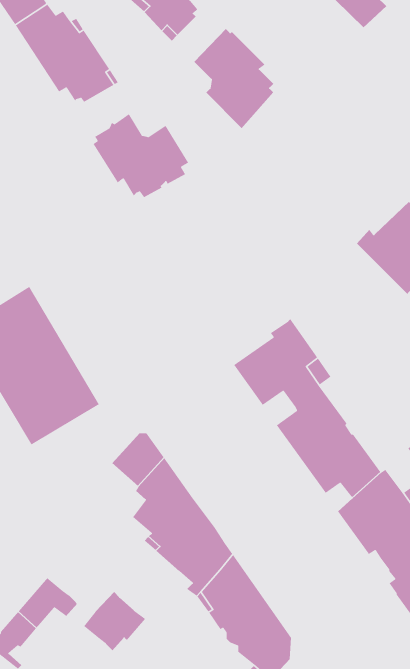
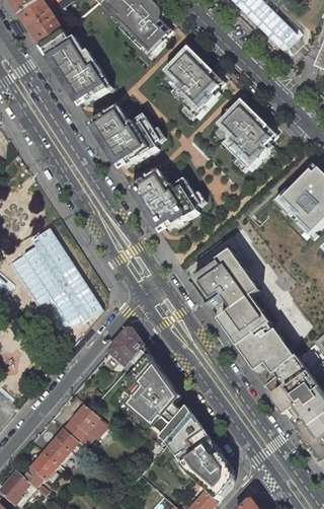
building: none -> [216,102,271,169]
building: none -> [134,170,201,231]
building: [83,591,146,651] -> [62,404,105,445]

